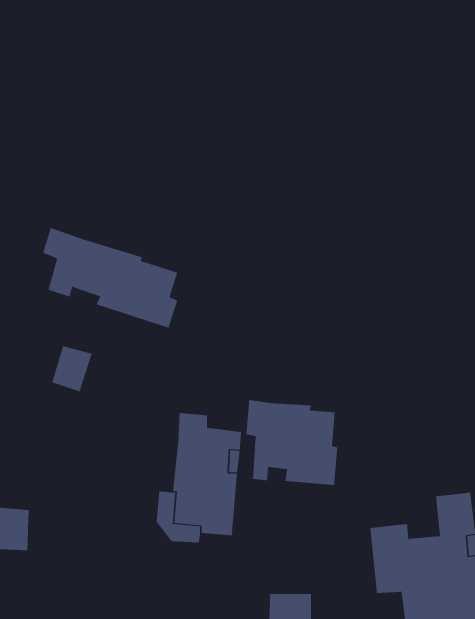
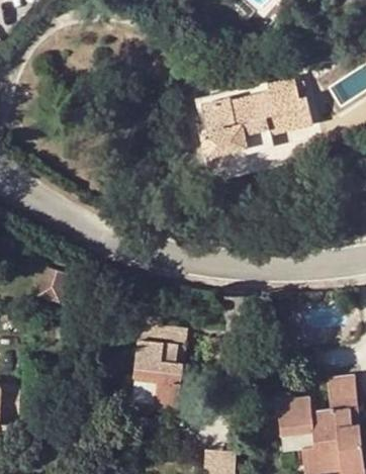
building: none -> [199,78,309,154]
building: [43,227,178,328] -> none
building: [246,399,338,486] -> none

